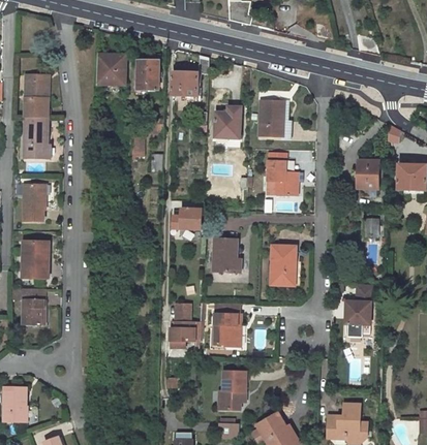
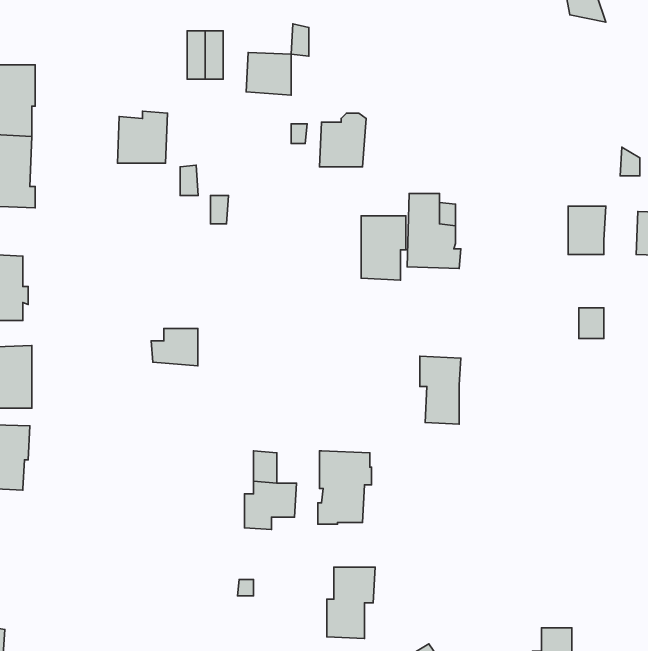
building: [96,53,125,83] -> [117,111,167,163]
building: [256,101,282,138] -> [361,216,406,280]
building: [174,208,201,229] -> [151,328,198,366]
building: [213,235,237,271] -> none
building: [344,283,372,336] -> none

